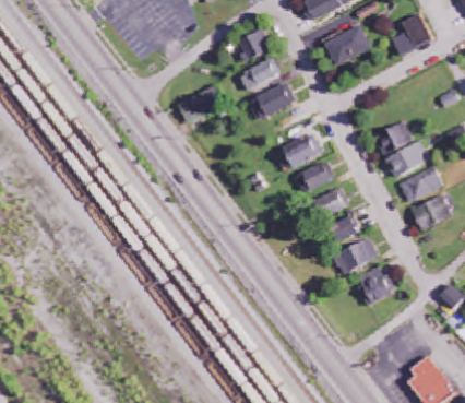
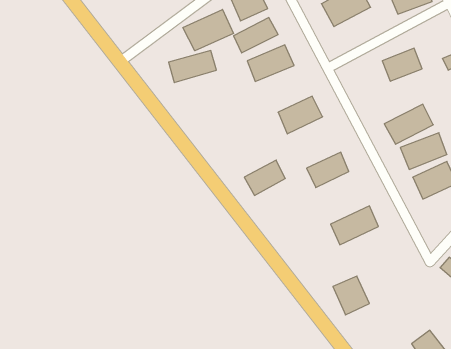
building: none -> [183,9,233,51]
building: [375,121,414,153] -> [382,48,422,81]
building: [296,159,335,193] -> [244,160,285,195]
building: [325,214,360,241] -> none
building: [356,268,391,305] -> [333,276,369,315]

